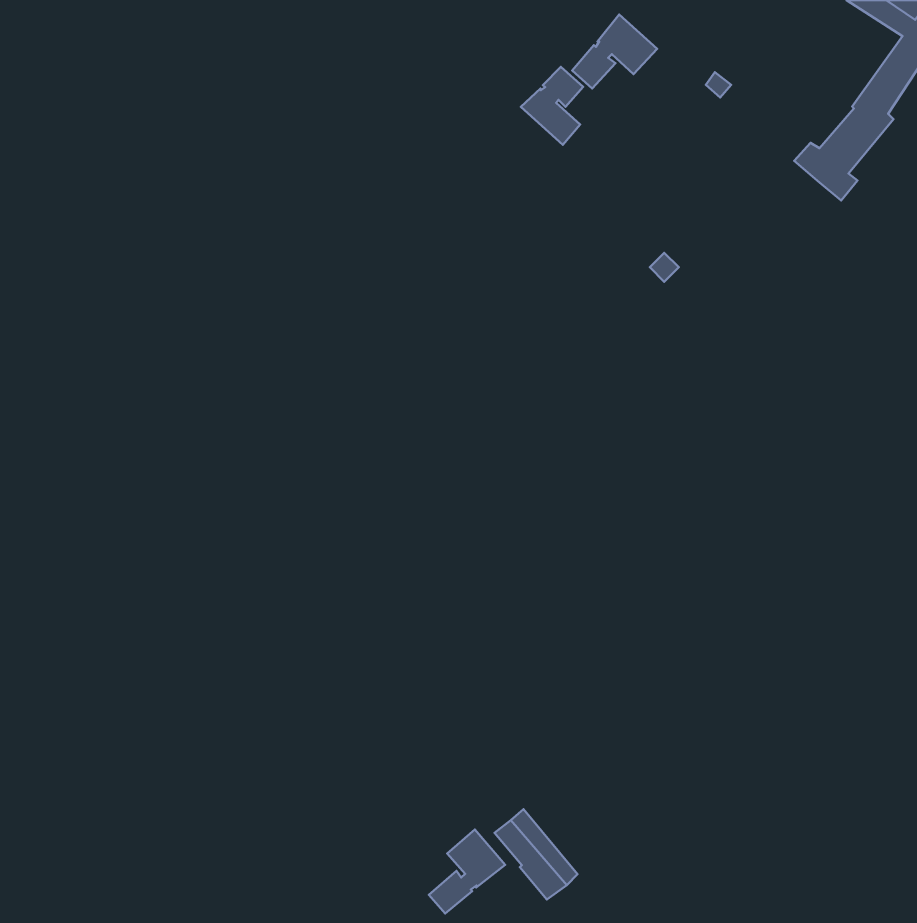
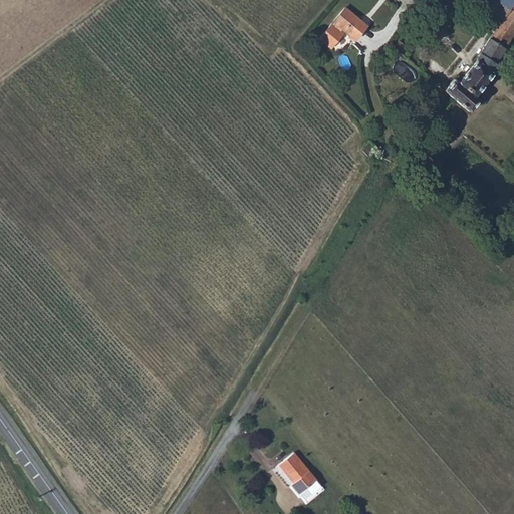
building: [521,67,583,145] -> none
building: [429,829,505,913] -> none

